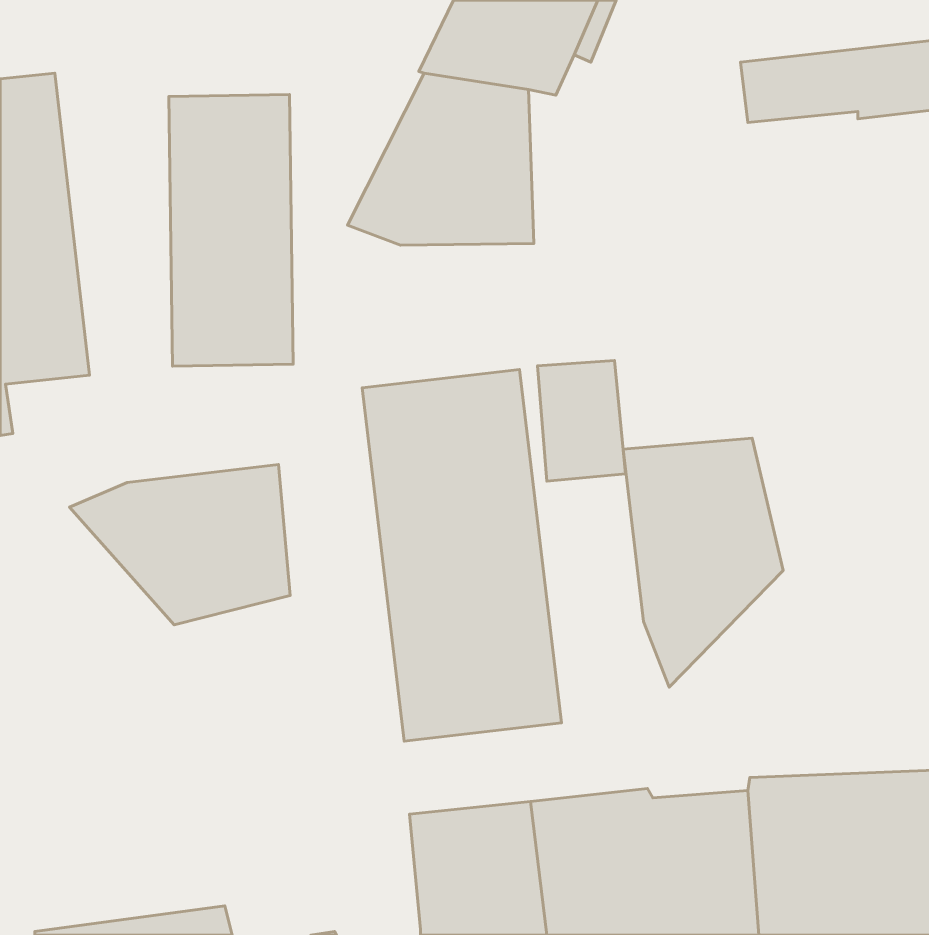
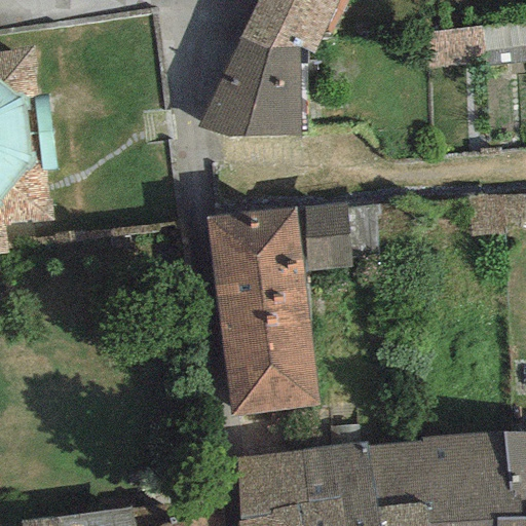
building: [169,95,293,366] -> none
building: [623,438,783,687] -> none
building: [69,464,290,625] -> none

